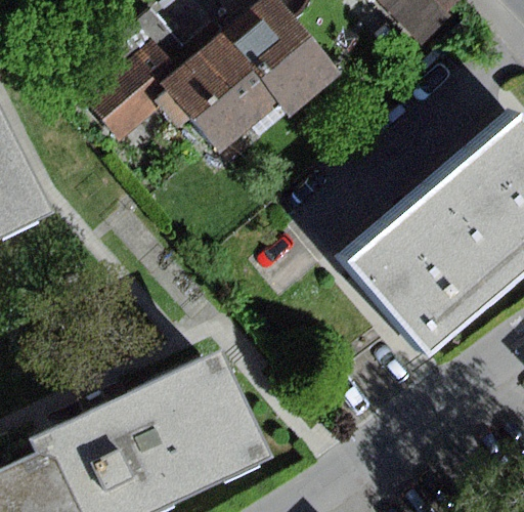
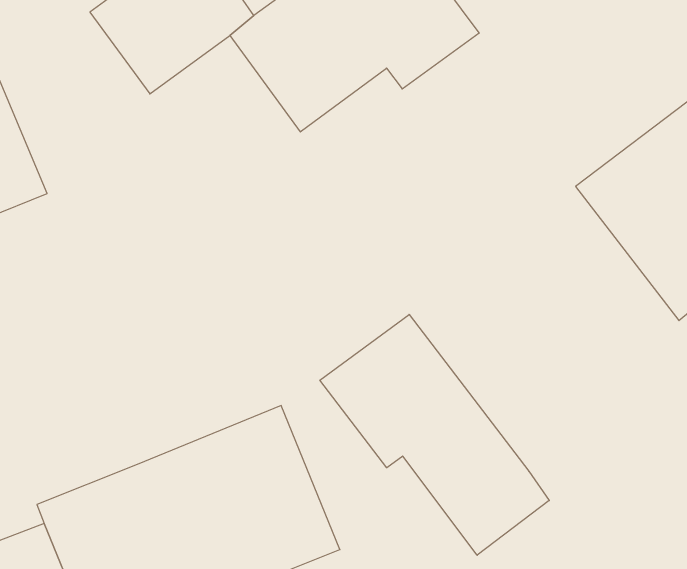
building: [338,181,506,349] -> none
building: none -> [320,314,549,555]

